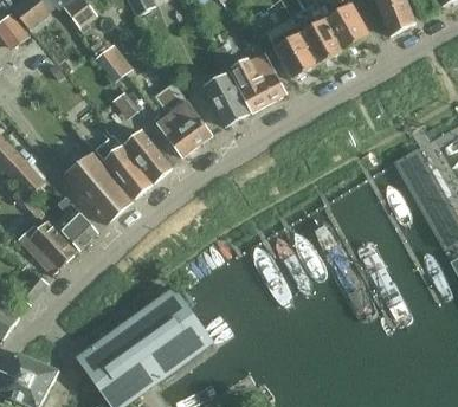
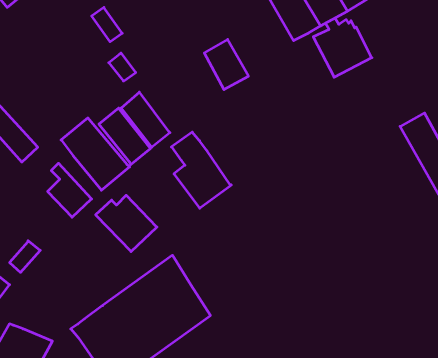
building: [230,54,286,111] -> [313,18,372,77]
building: [153,82,211,155] -> [171,132,231,208]
building: [17,219,76,273] -> [96,195,157,252]

